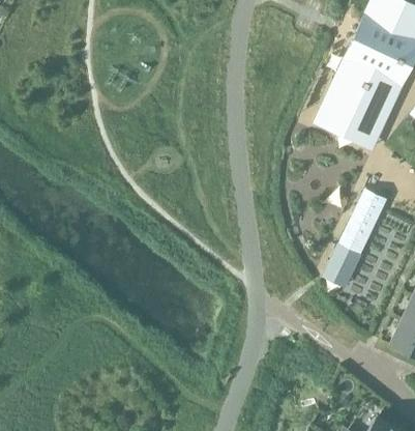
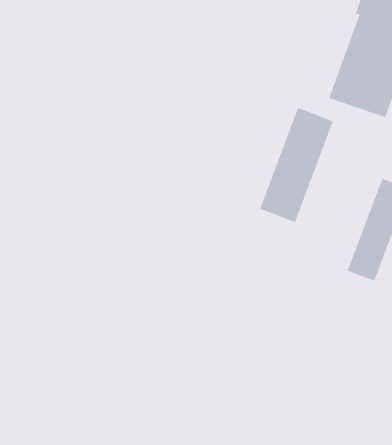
building: none -> [259,107,334,223]

